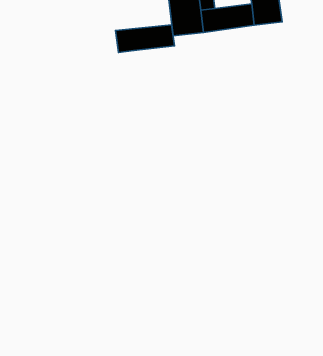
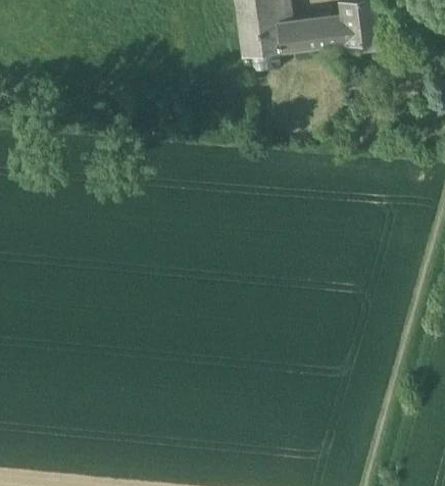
building: [115,25,174,52] -> none

